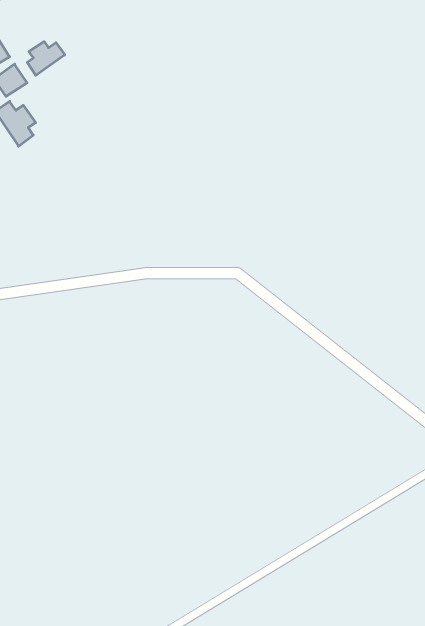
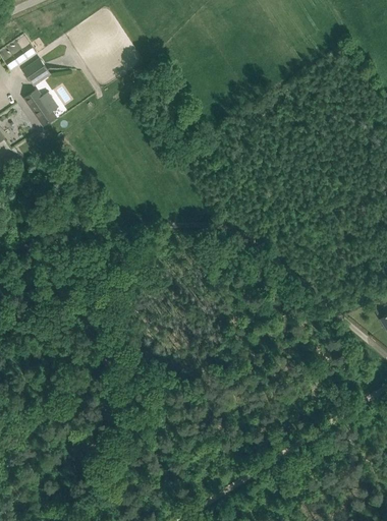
building: [27,42,65,75] -> none

